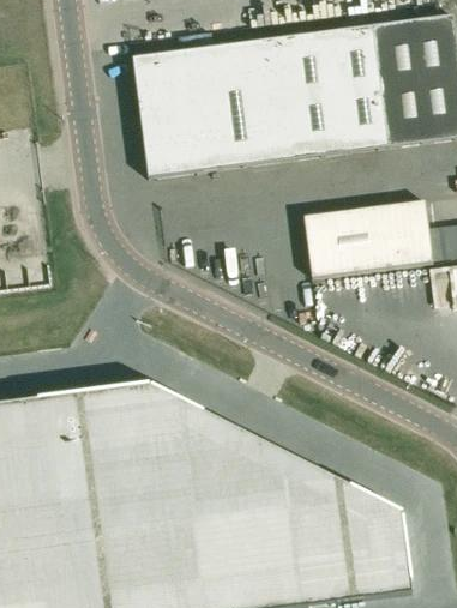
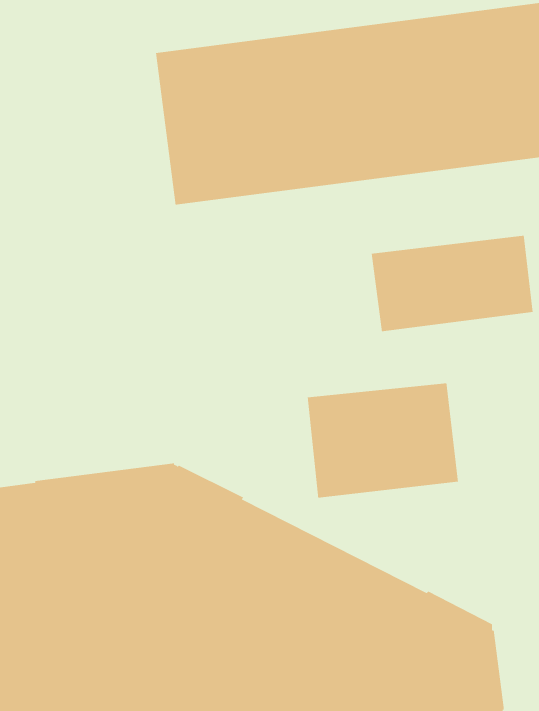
building: none -> [307,382,459,499]

